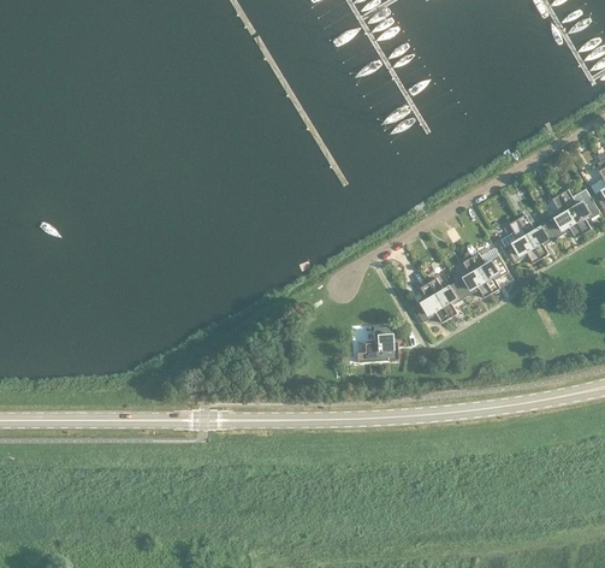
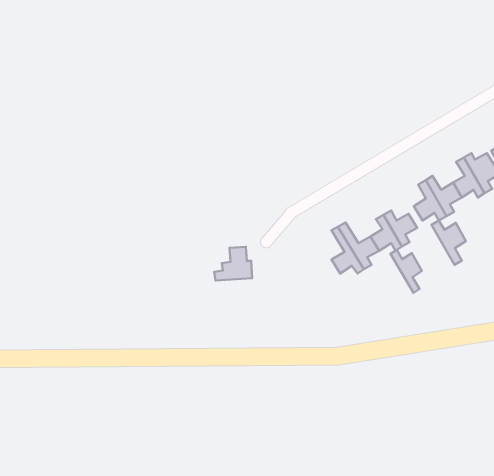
building: none -> [432,220,466,265]
building: none -> [390,250,422,293]
building: [355,324,397,361] -> [214,247,252,280]

